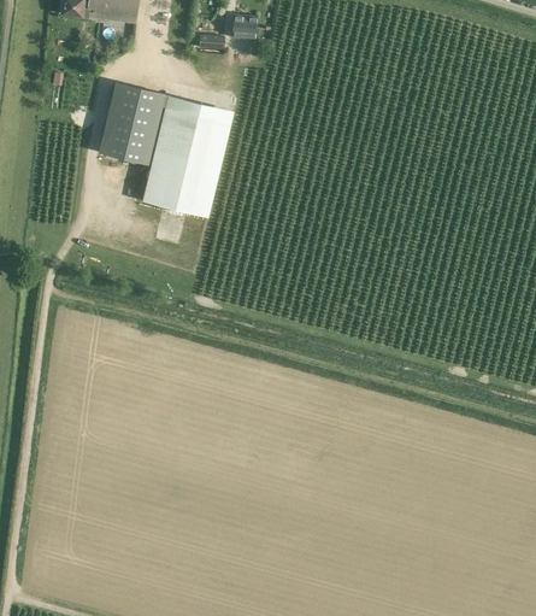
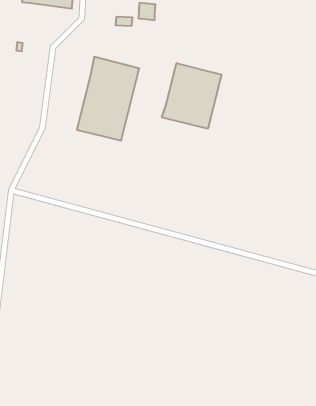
building: [99,82,165,164] -> none
building: none -> [162,63,221,129]

